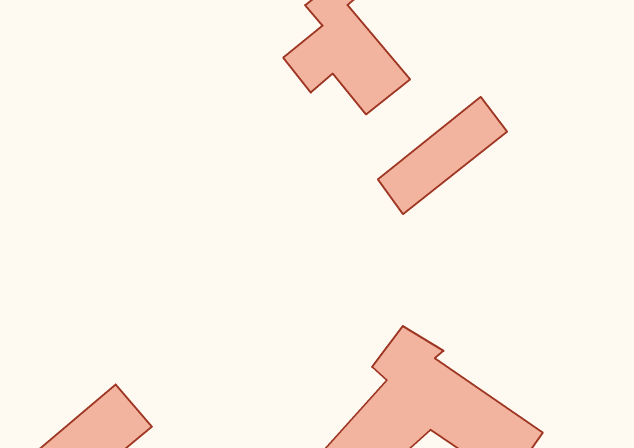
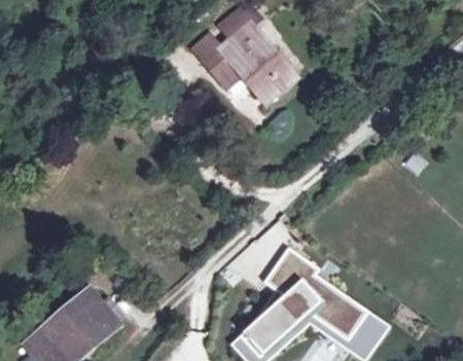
building: [378,97,507,214] -> none

